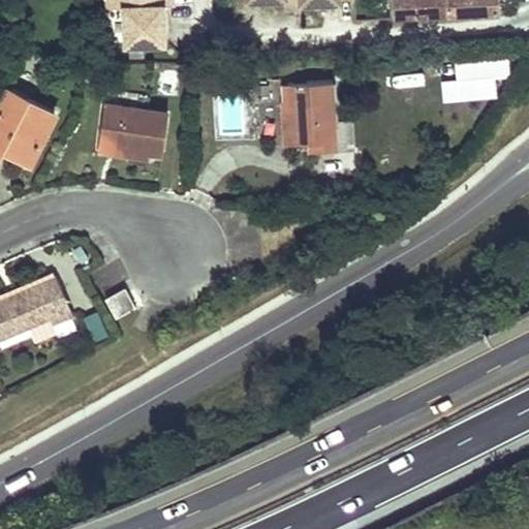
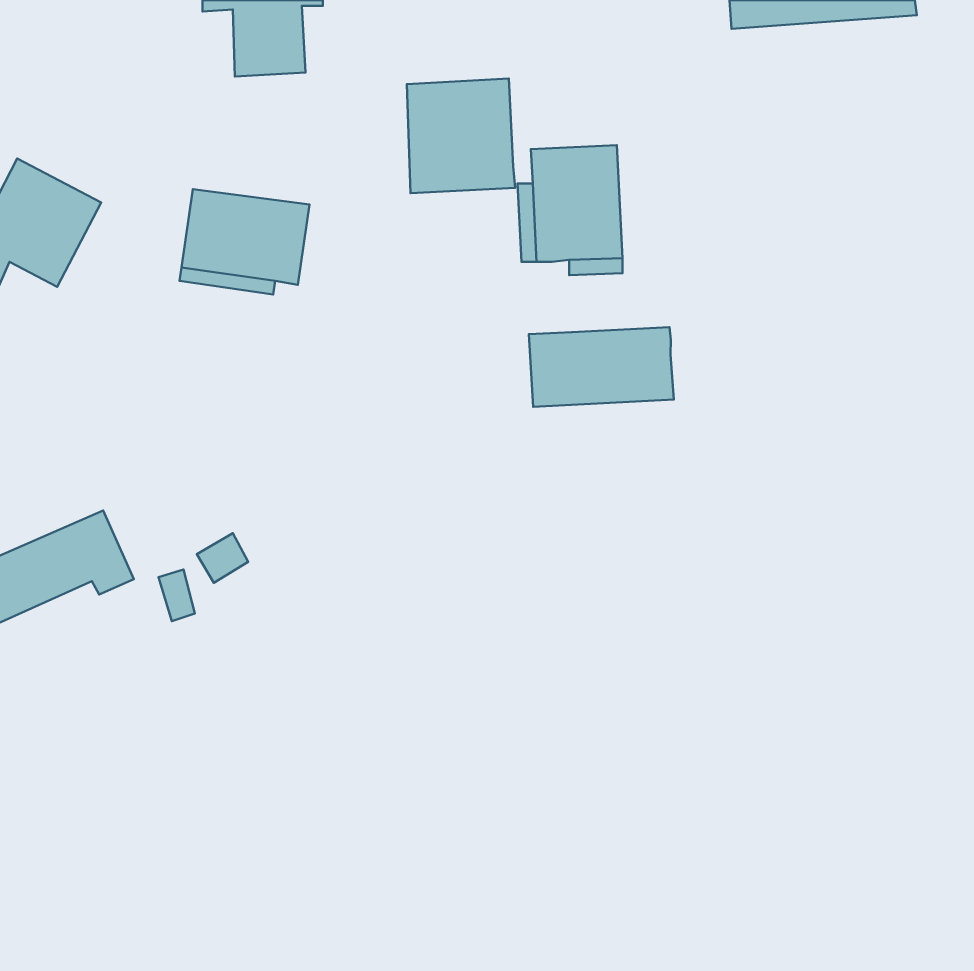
building: none -> [407,79,515,193]
building: [441,52,511,100] -> none
building: none -> [529,327,674,407]

